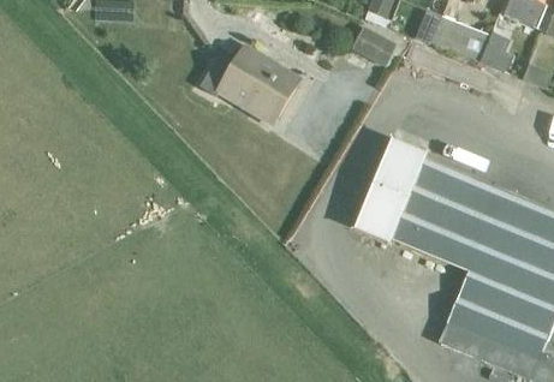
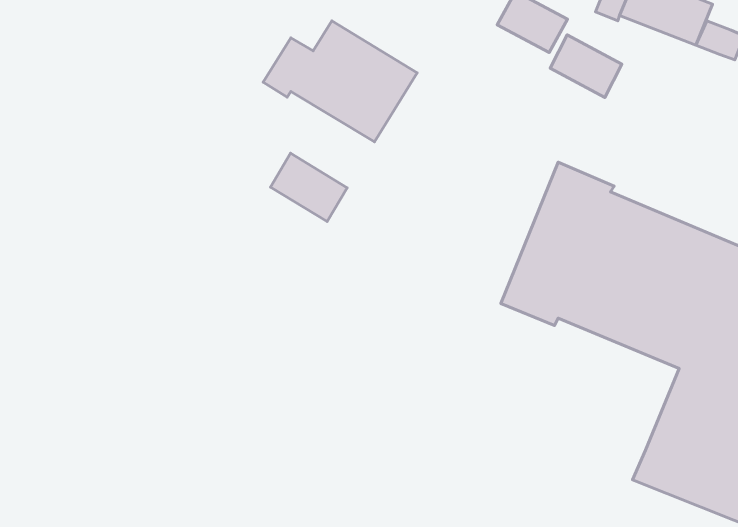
building: none -> [550,35,622,98]
building: none -> [271,153,347,222]

